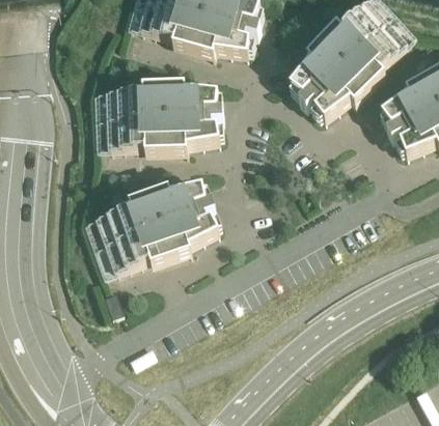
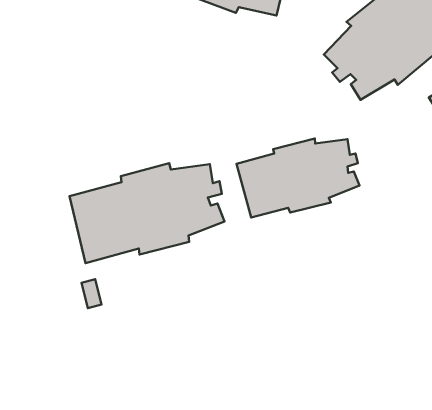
building: [94,81,221,150] -> none
building: none -> [237,139,359,217]

